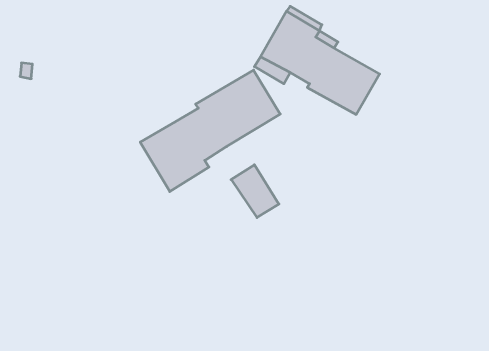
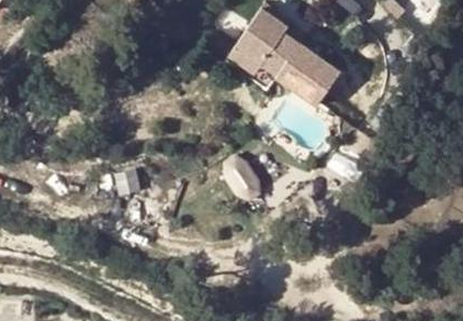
building: [140,70,280,192] -> none

